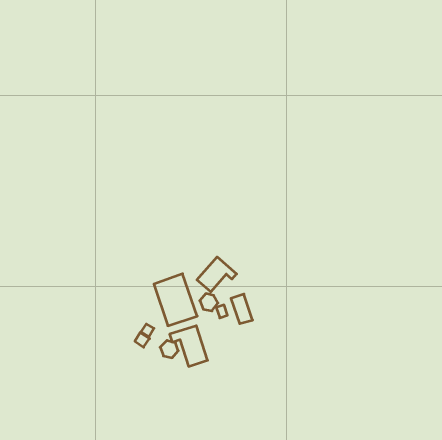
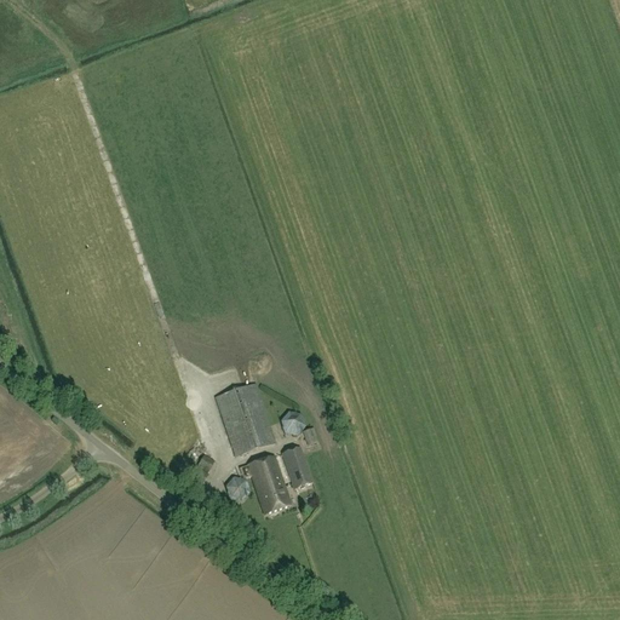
building: [197,257,237,292] -> none
building: [231,294,253,324] -> [282,447,312,488]

